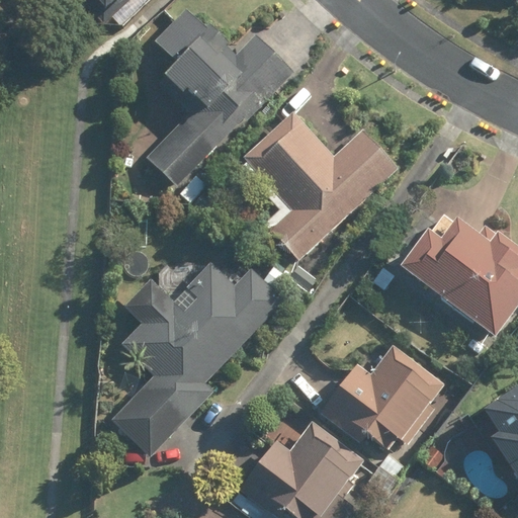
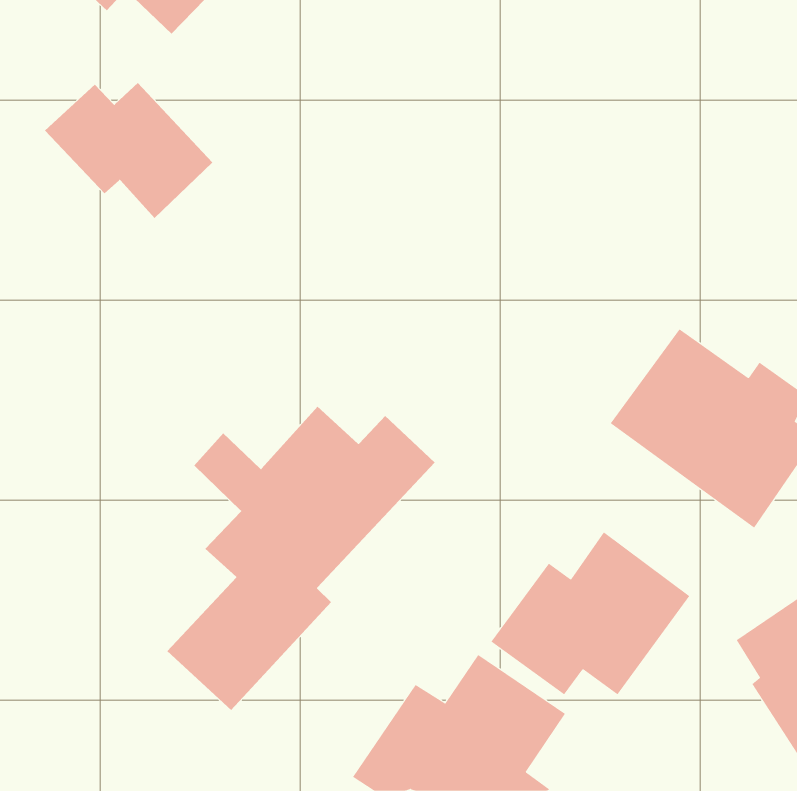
building: [144,8,294,185] -> none
building: none -> [44,82,213,219]
building: [238,108,399,258] -> none

